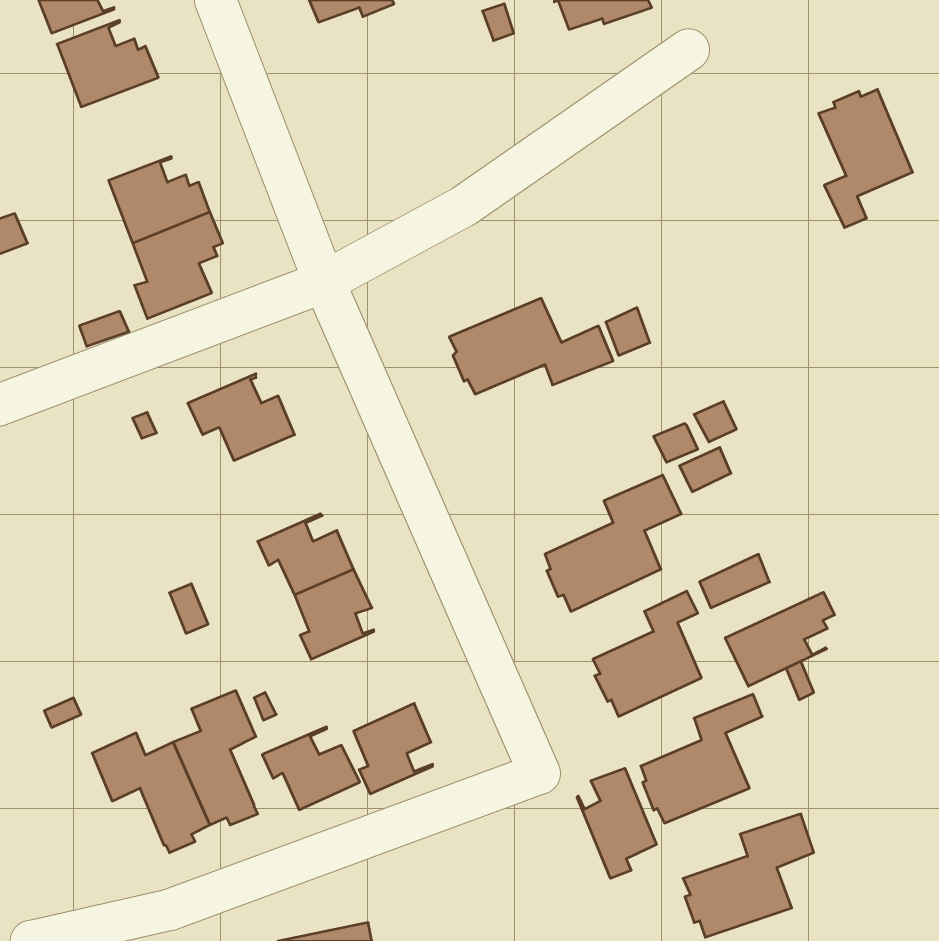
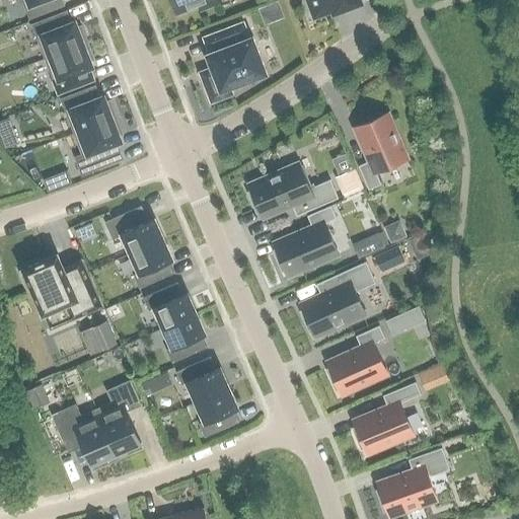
building: none -> [199,22,266,103]
building: none -> [45,43,93,93]
building: [819,89,913,228] -> [354,114,405,190]
building: none -> [273,206,338,276]
building: none -> [129,239,172,289]
building: none -> [20,254,96,319]
building: [725,592,835,686] -> none
building: [262,727,360,810] -> [174,357,228,402]
building: [577,768,656,878] -> none

